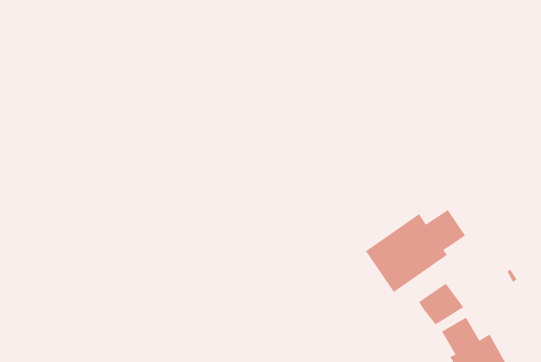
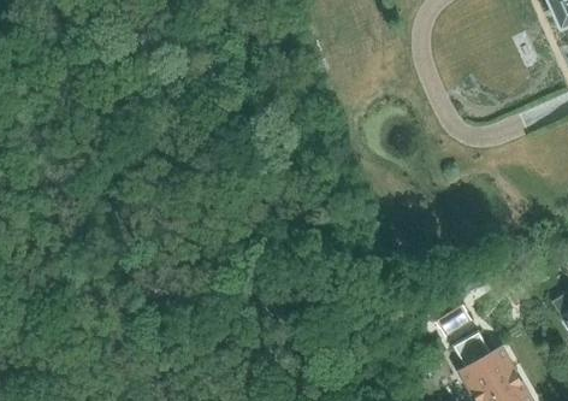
building: [365,209,466,293] -> none

